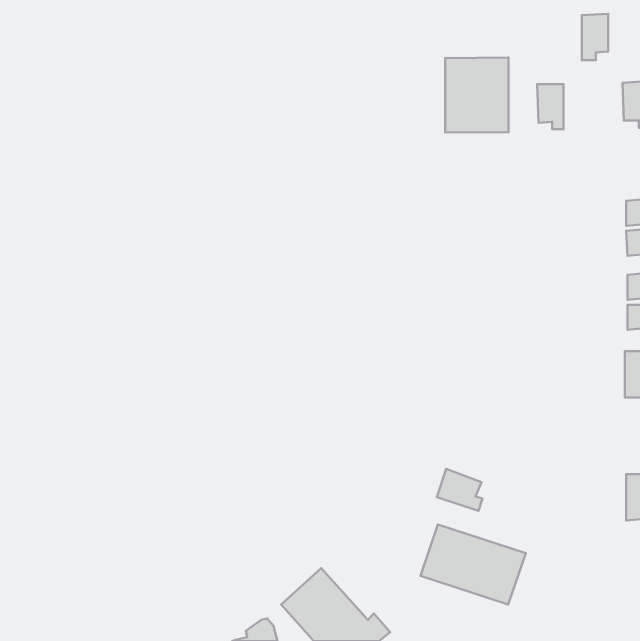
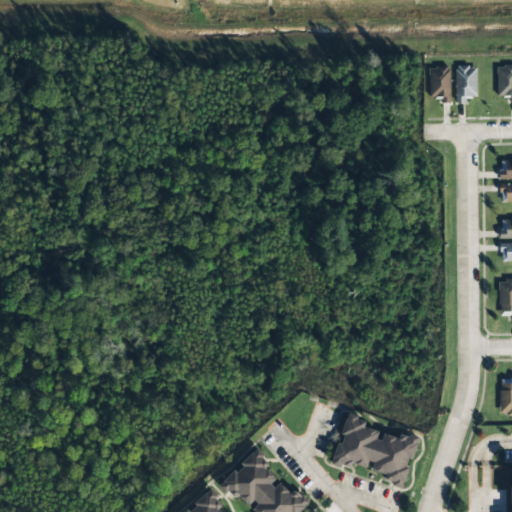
building: [582,14,608,60] -> [456,66,477,103]
building: [445,58,509,133] -> none
building: [437,469,482,511] -> none

